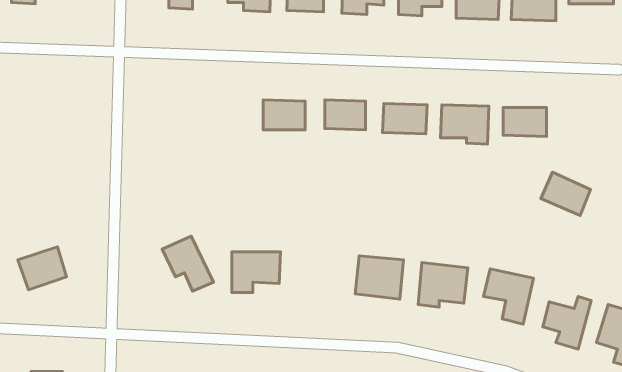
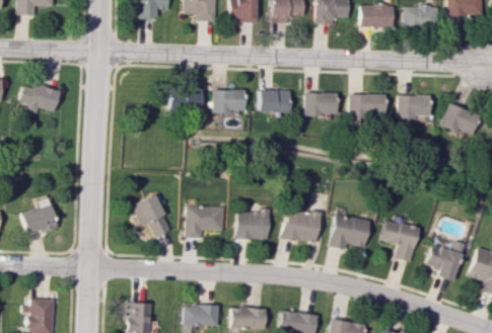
building: none -> [20,85,60,112]
building: none -> [167,90,201,108]
building: [541,172,591,216] -> [440,103,479,137]
building: none -> [236,207,269,239]

